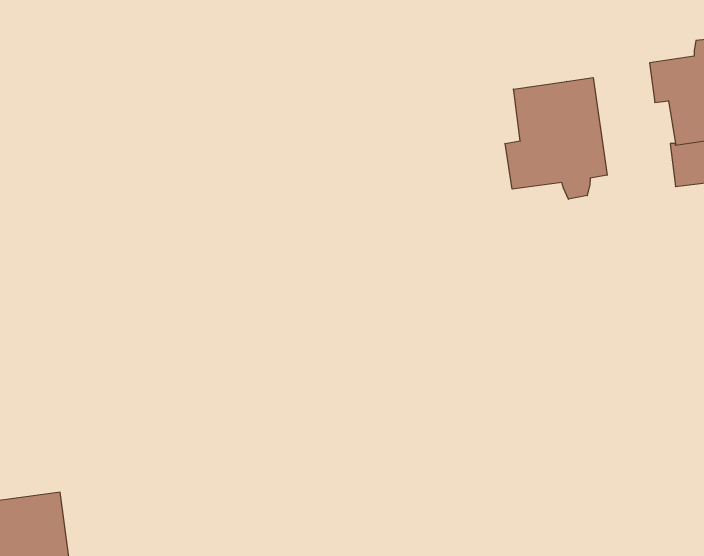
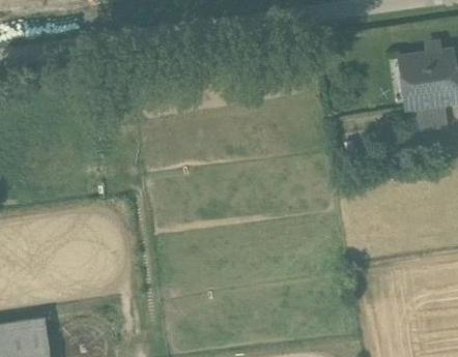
building: [505,78,607,199] -> none

